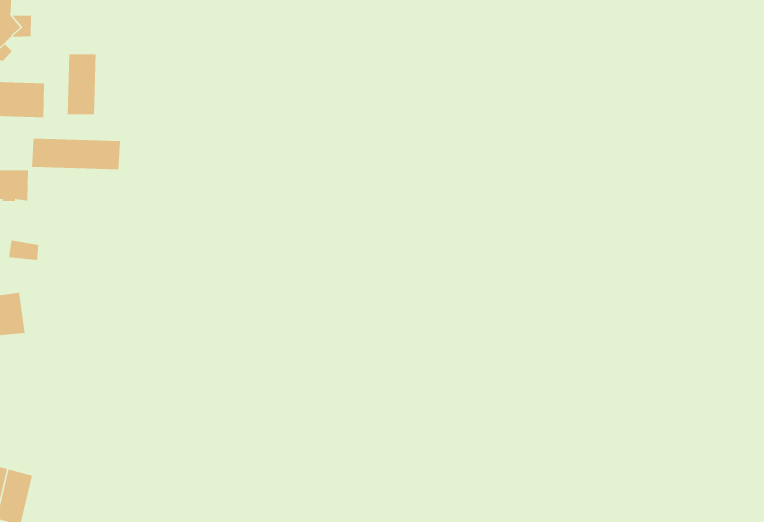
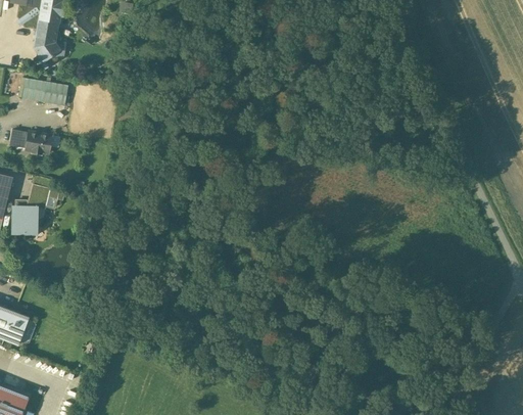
building: [67,53,96,115] -> none
building: [32,138,121,170] -> none

